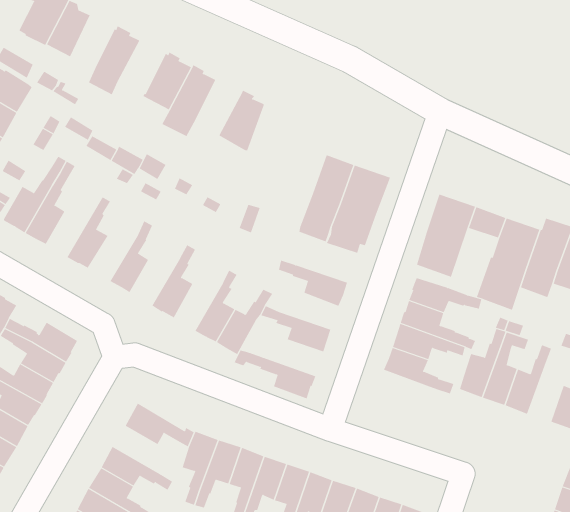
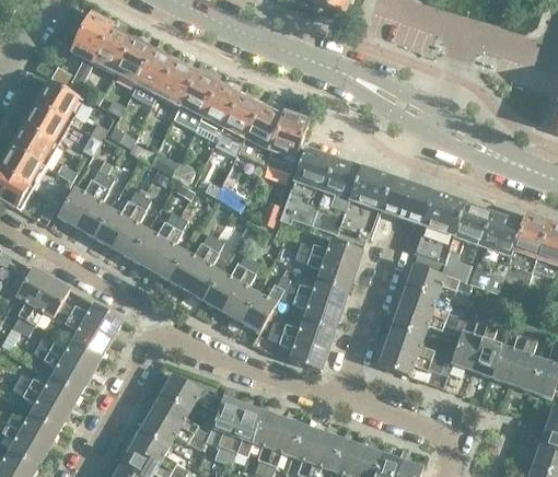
building: none -> [115,36,153,84]
building: none -> [156,59,197,106]
building: none -> [222,92,263,155]
building: none -> [265,110,309,175]
building: none -> [279,148,336,221]
building: none -> [380,178,433,225]
building: none -> [94,190,142,247]
building: none -> [130,211,178,268]
building: none -> [441,222,485,282]
building: none -> [166,223,221,289]
building: none -> [280,235,361,269]
building: none -> [205,253,252,311]
building: none -> [284,278,347,310]
building: none -> [261,318,334,350]
building: none -> [510,326,540,389]
building: none -> [379,345,449,376]
building: none -> [151,393,209,441]

